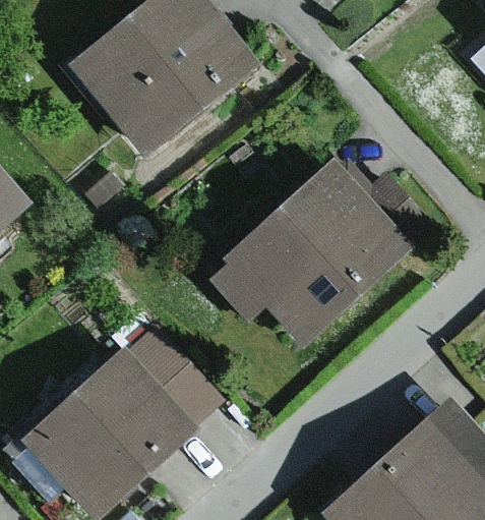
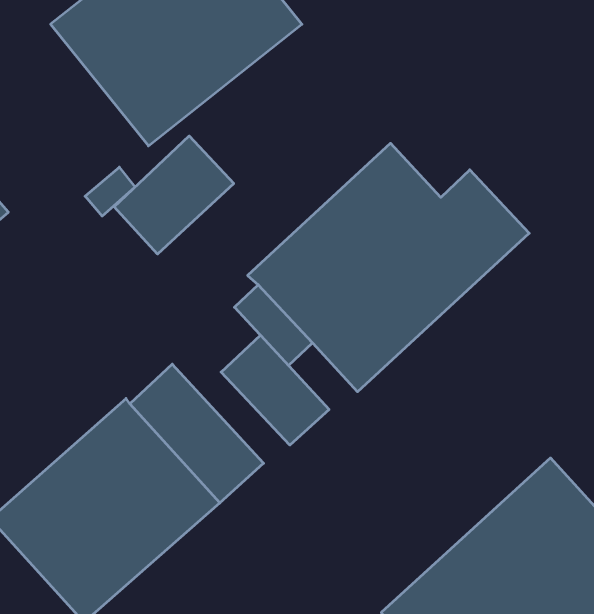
building: none -> [114,136,234,254]
building: none -> [221,335,329,445]

